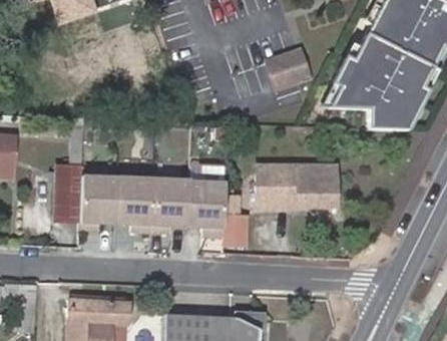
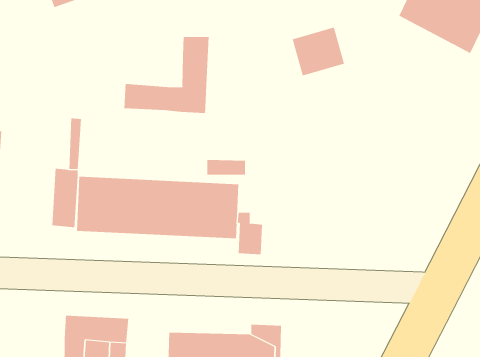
building: [327,31,430,130] -> none
building: none -> [124,36,209,114]
building: [257,165,333,206] -> none

